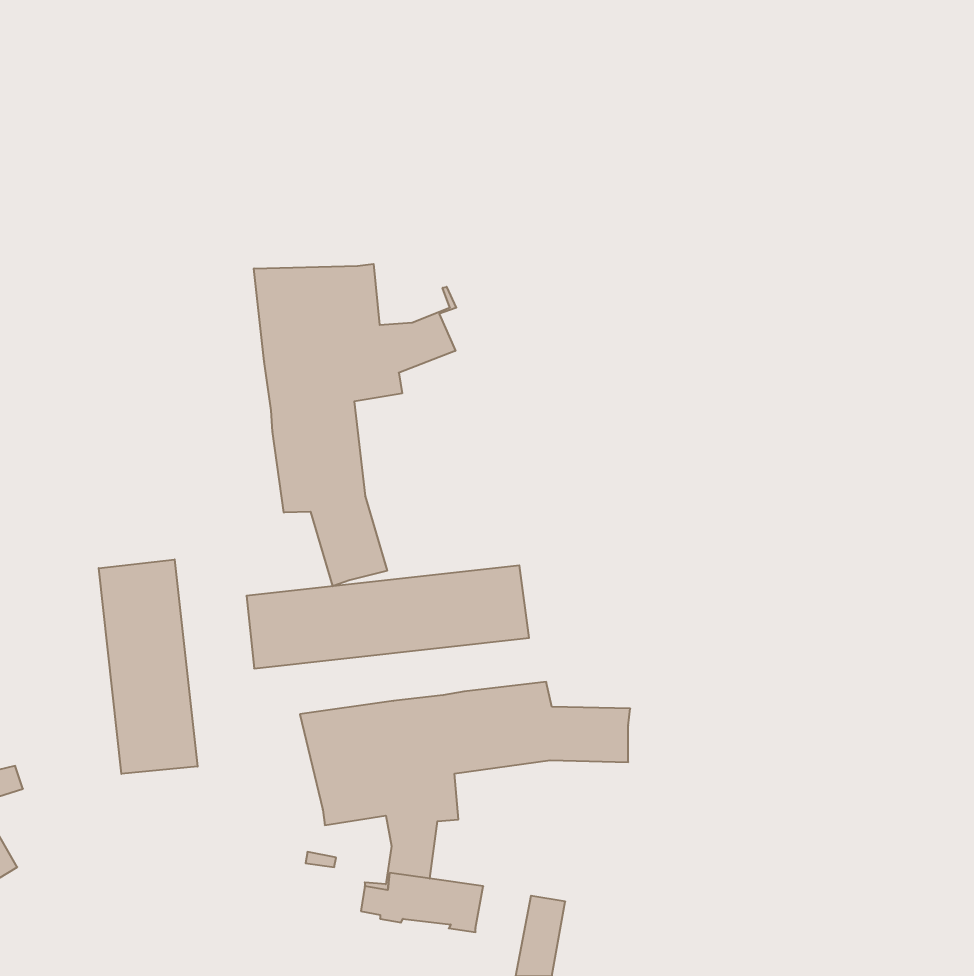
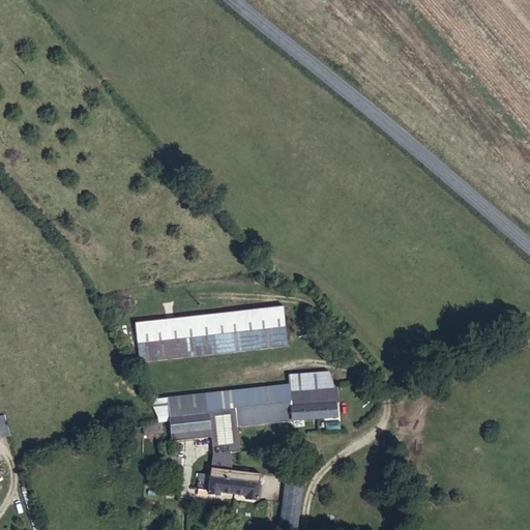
building: [254,264,456,586] -> none
building: [99,559,198,774] -> none

